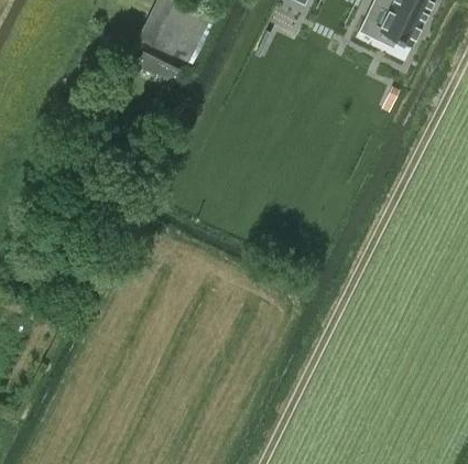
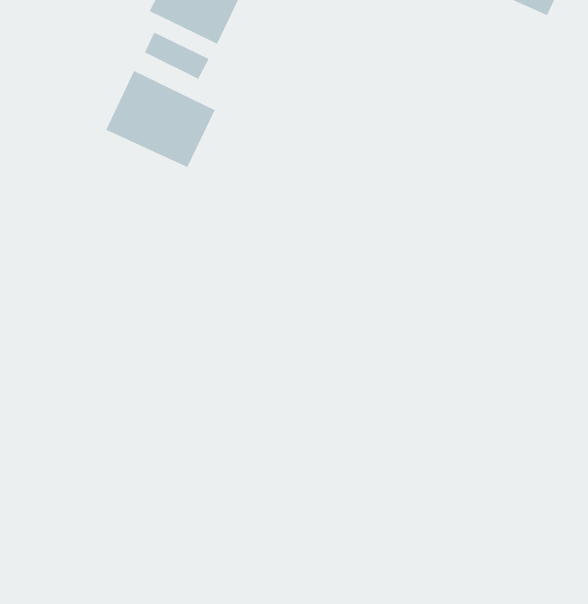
building: none -> [106,70,216,168]

